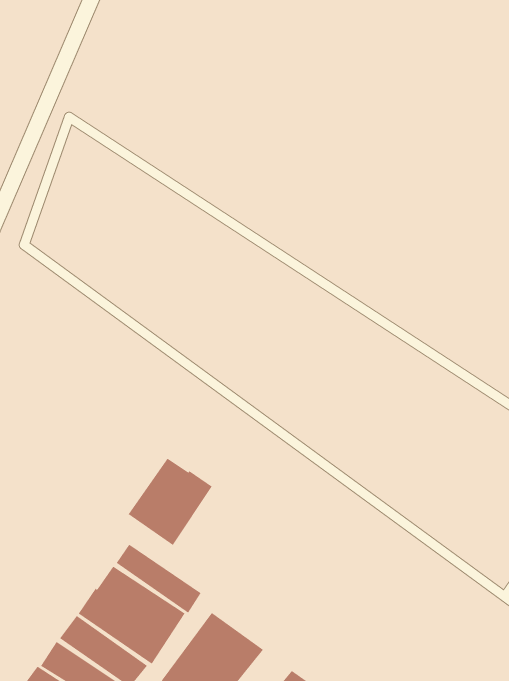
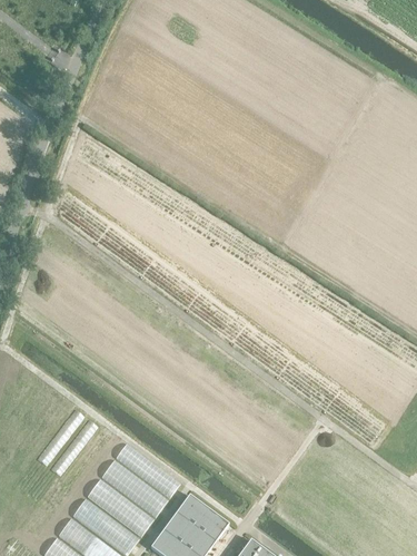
building: [128,458,212,546] -> none

